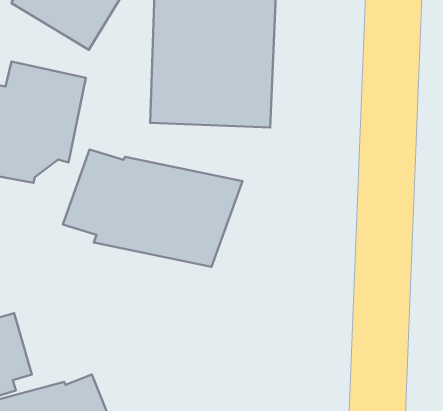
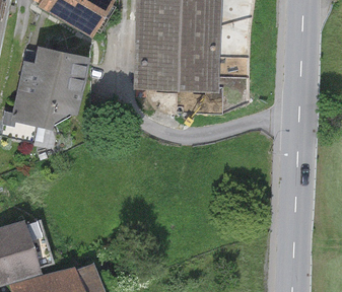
building: [63,150,243,267] -> none

